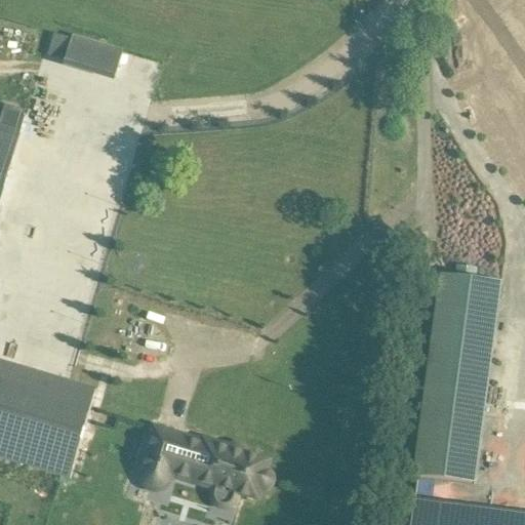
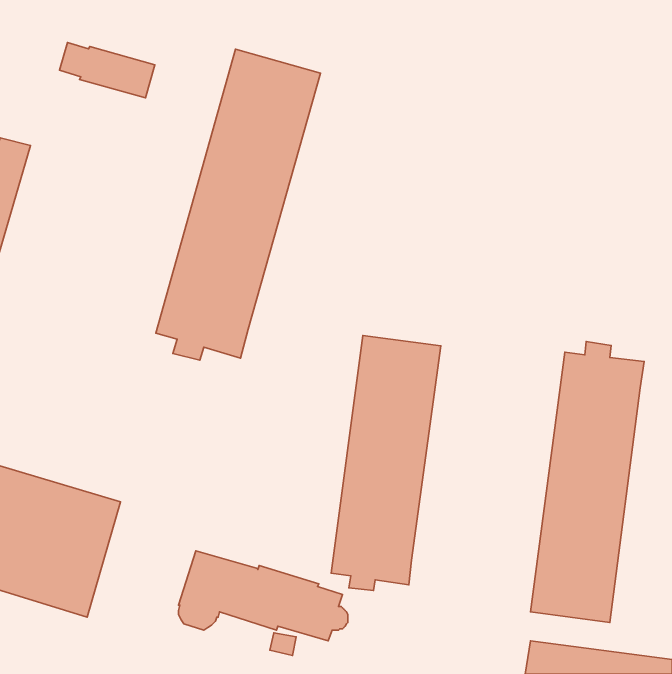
building: none -> [156,49,320,360]
building: none -> [331,336,441,591]

